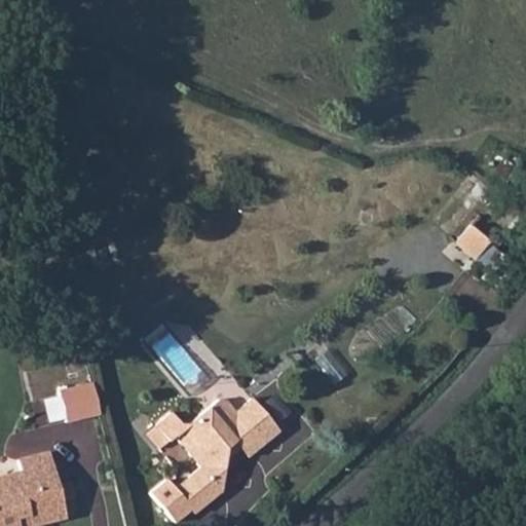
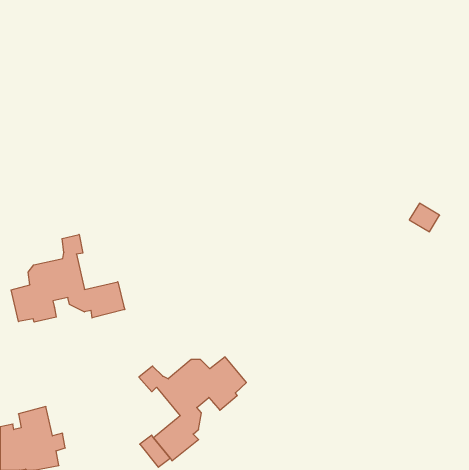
building: none -> [11,234,125,322]
building: [61,383,102,424] -> none

